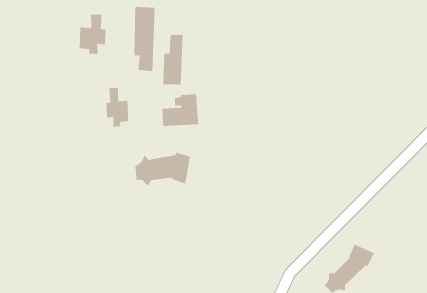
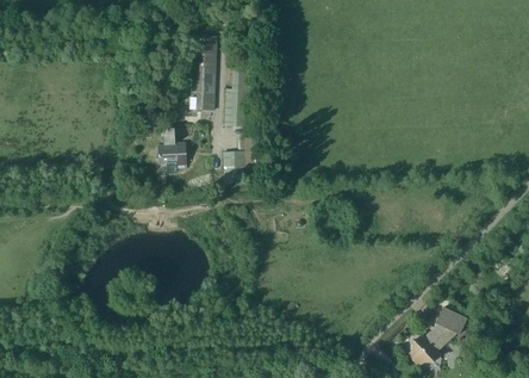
building: [79,14,107,55] -> none
building: [134,152,191,187] -> none

